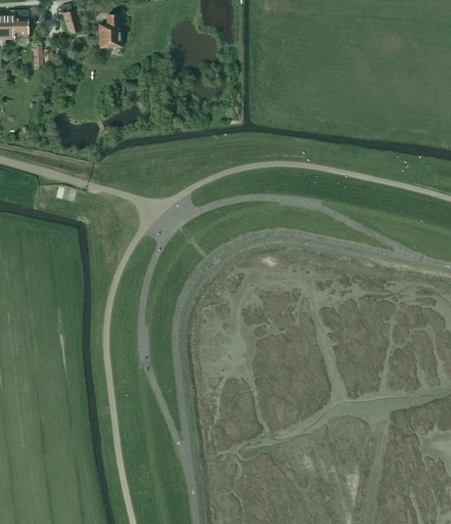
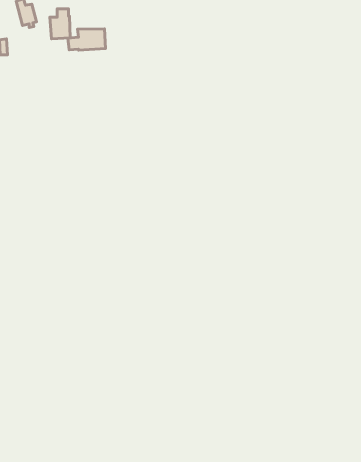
building: none -> [68,29,105,50]

